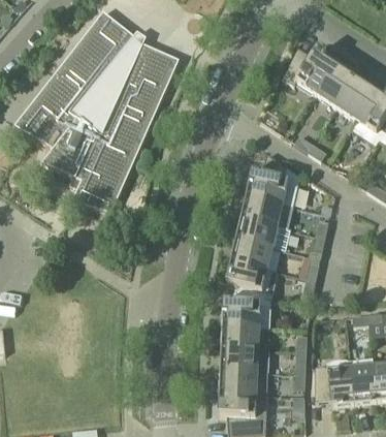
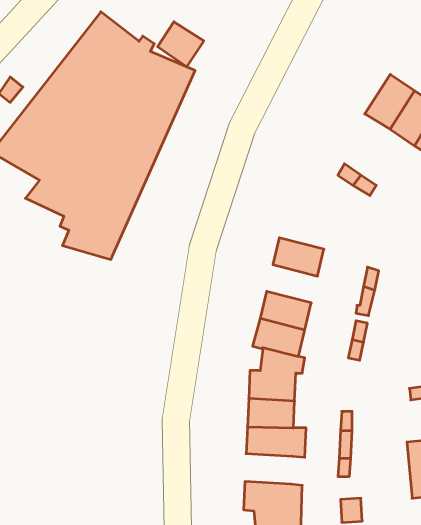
building: none -> [158,22,204,67]
building: [283,48,337,94] -> none
building: [248,154,300,205] -> none
building: [237,216,279,247] -> none
building: [316,358,355,407] -> none
building: [220,369,258,394] -> none

